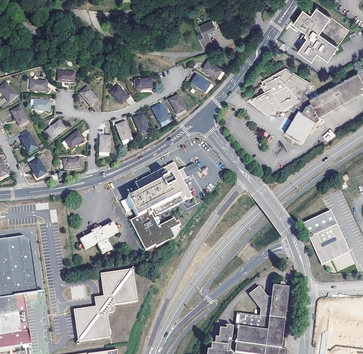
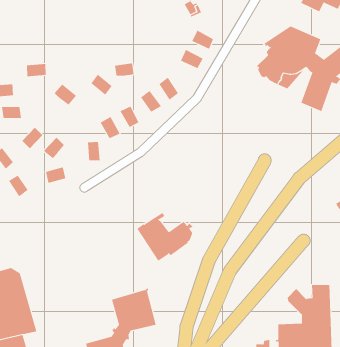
building: [130,162,193,216] -> none
building: [79,221,117,253] -> none

